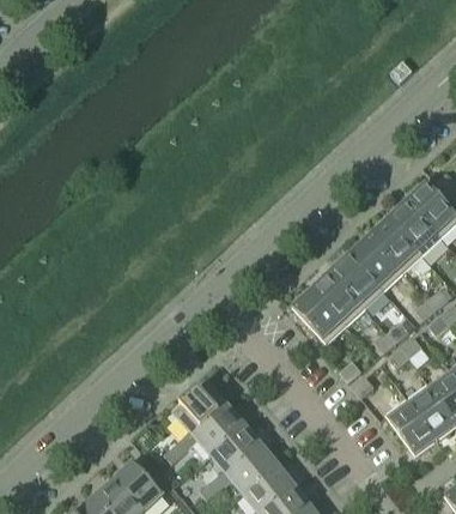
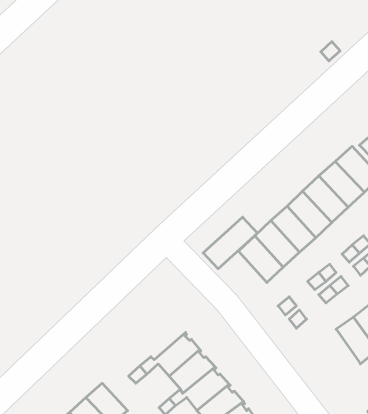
building: none -> [203,217,258,269]
building: [176,383,230,435] -> none
building: [384,399,436,455] -> none

